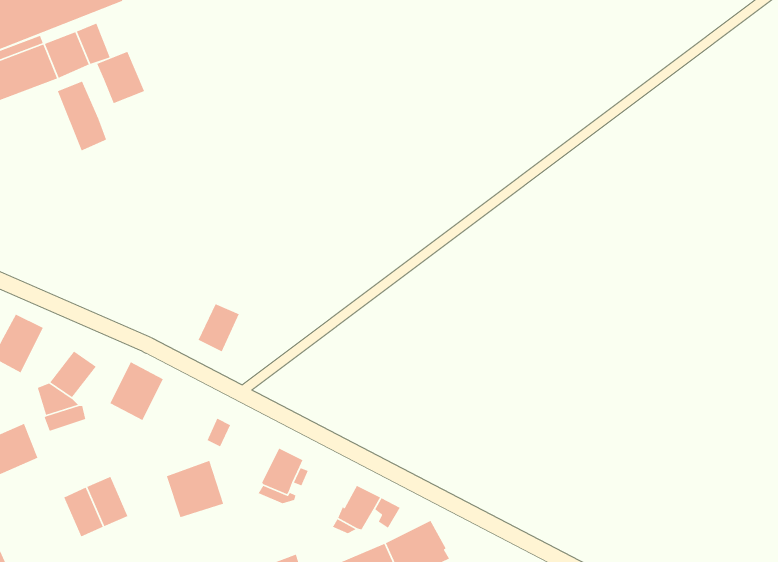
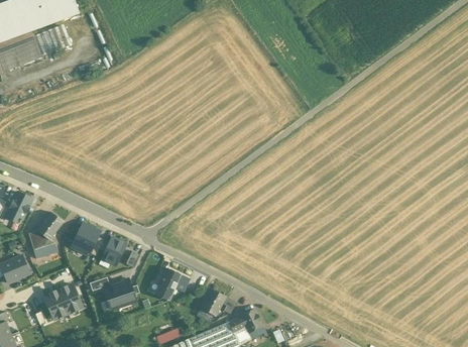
building: [96,51,145,104] -> none
building: [57,81,107,152] -> none
building: [198,303,240,353] -> [102,235,126,263]

